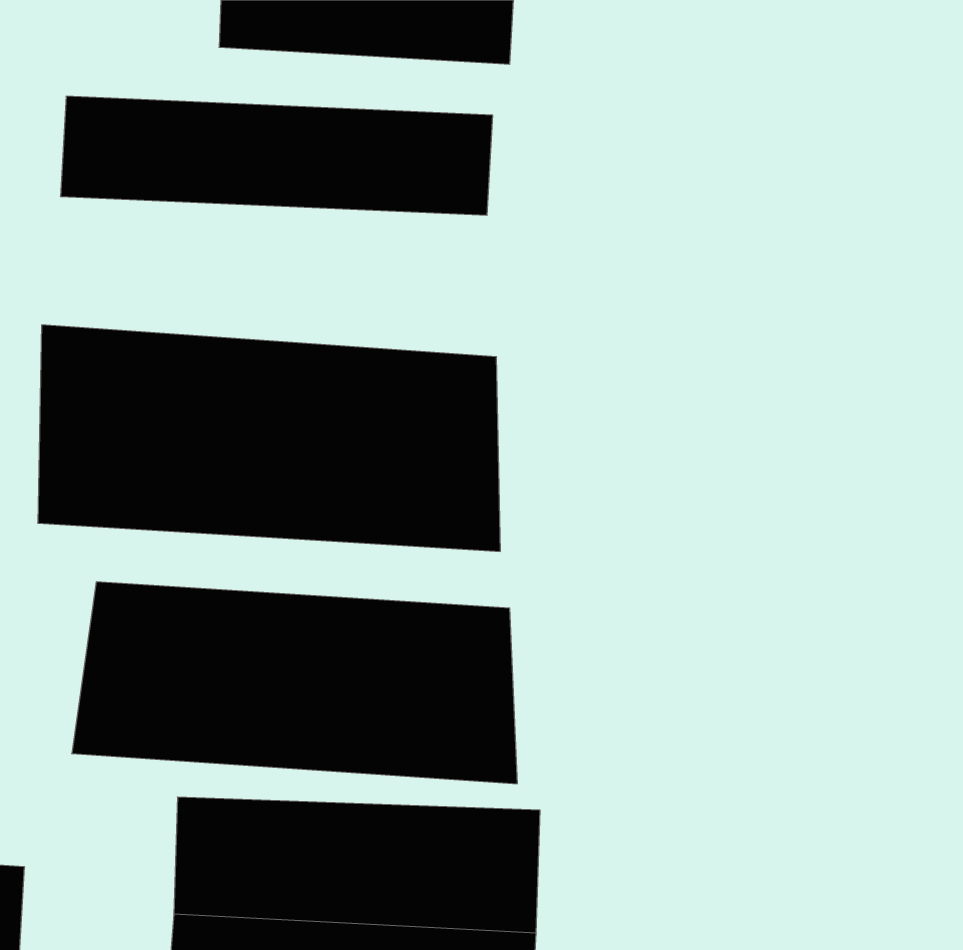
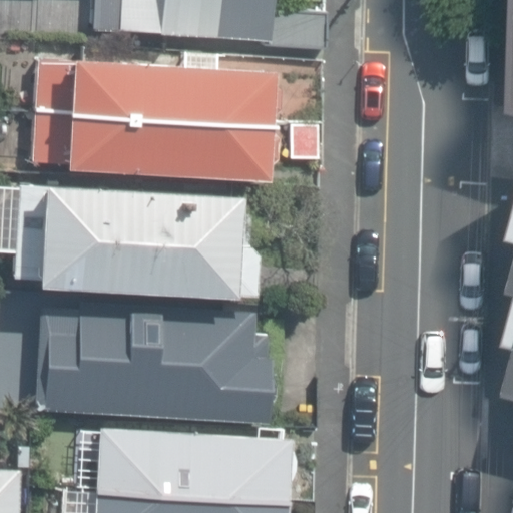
building: none -> [31,112,259,179]

